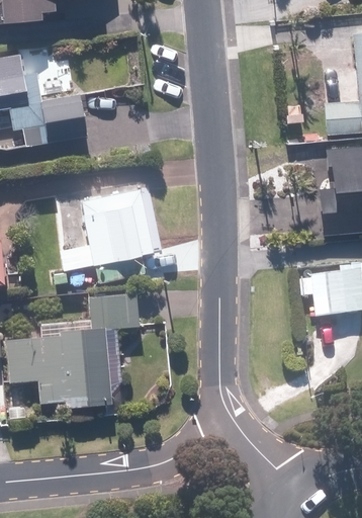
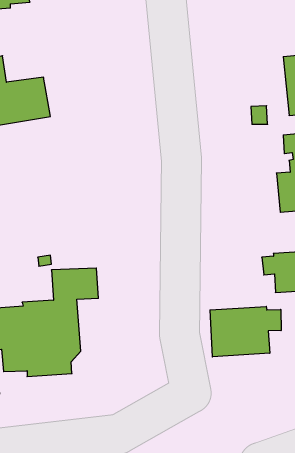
building: [58,186,152,282] -> none
building: none -> [210,306,281,357]

